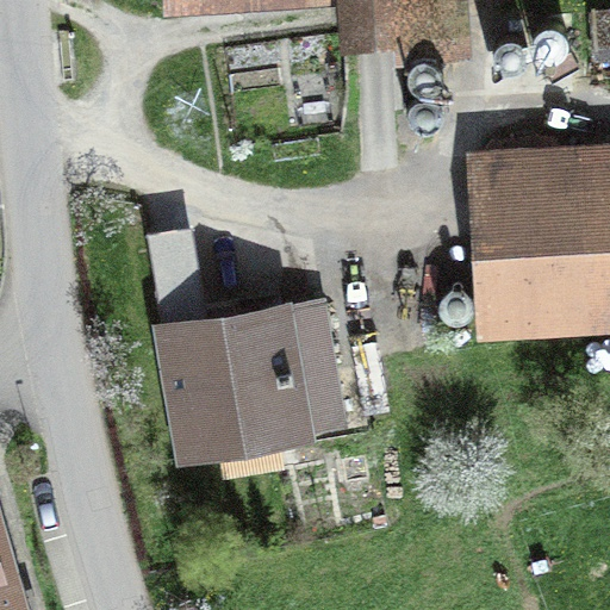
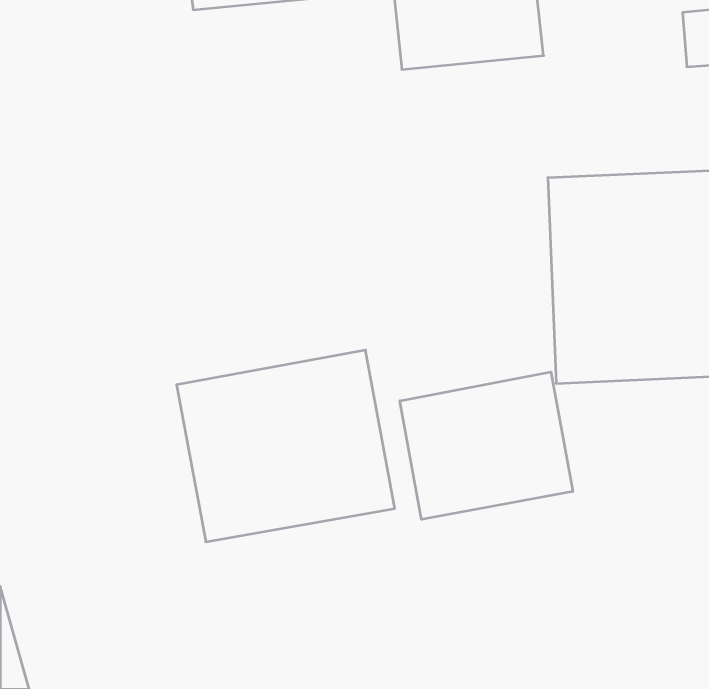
building: none -> [400,372,573,519]

